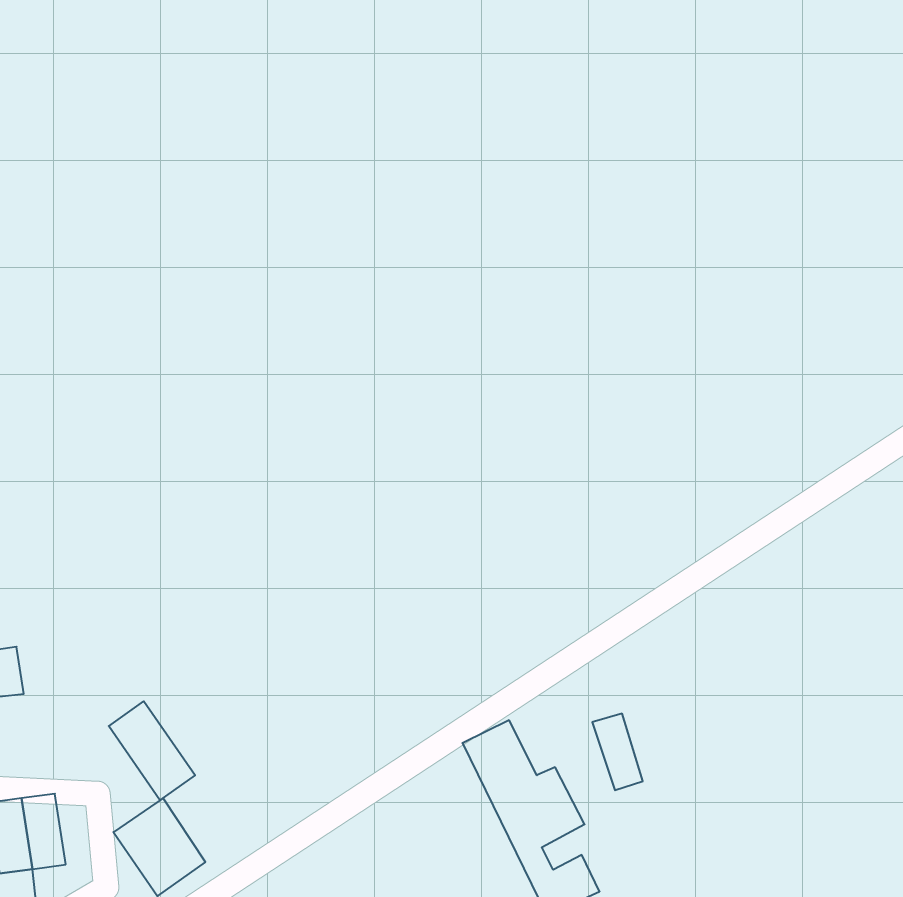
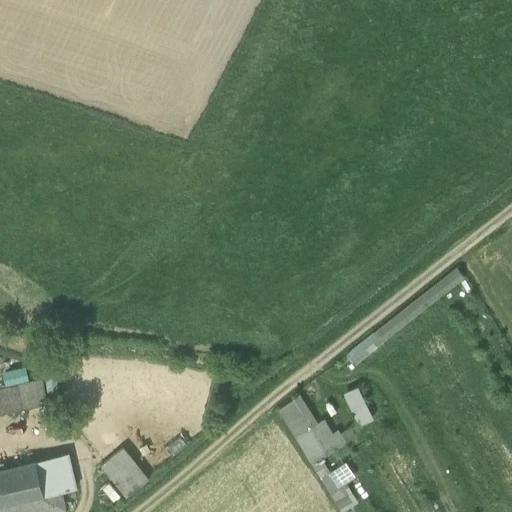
building: [109,701,195,800] -> none

